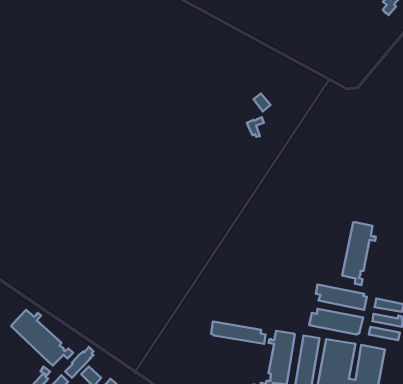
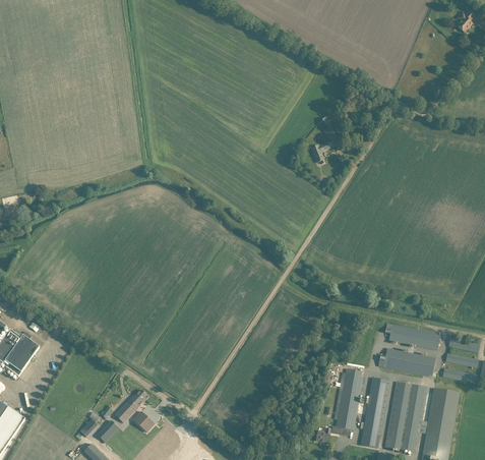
building: [342,222,376,285] -> none
building: [11,310,73,366] -> none
building: [211,321,266,344] -> none

